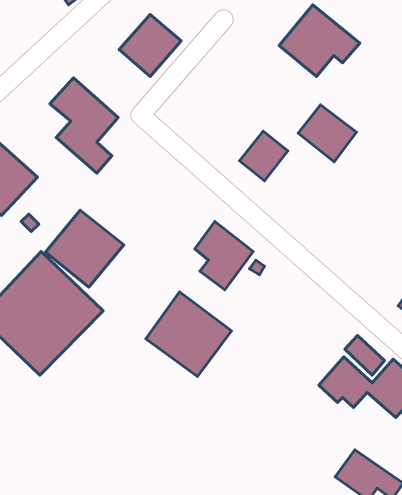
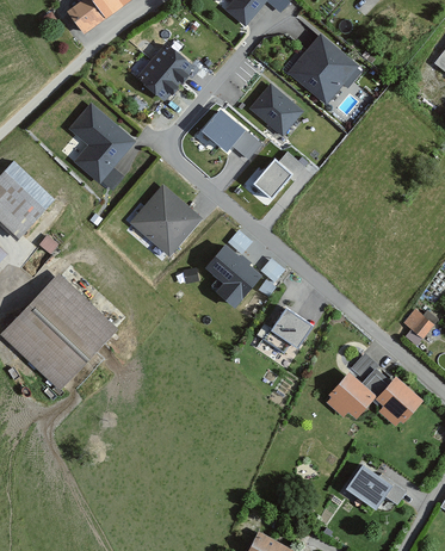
building: none -> [198,105,247,154]
building: [298,105,356,162] -> [246,82,302,137]
building: [46,210,124,287] -> [129,181,204,255]
building: none -> [264,307,313,352]
building: [146,292,231,377] -> none

